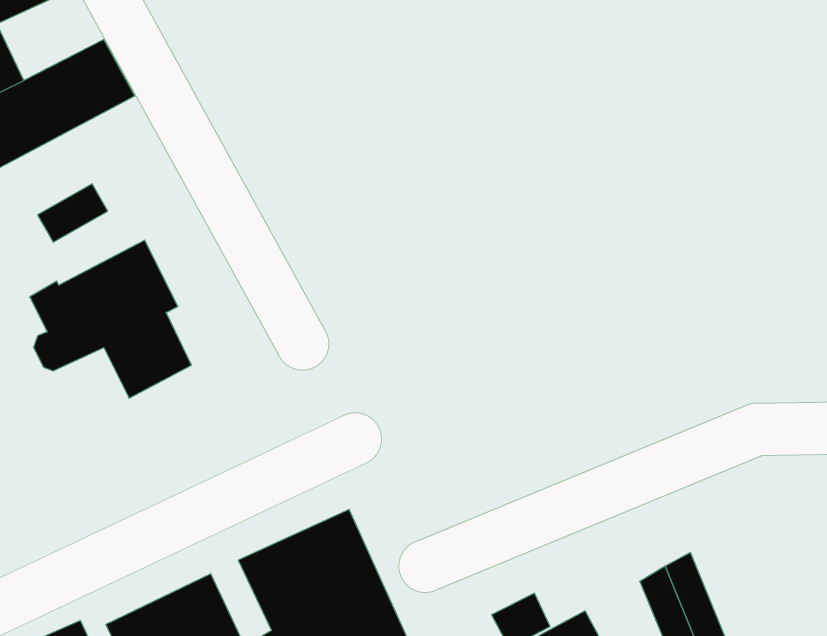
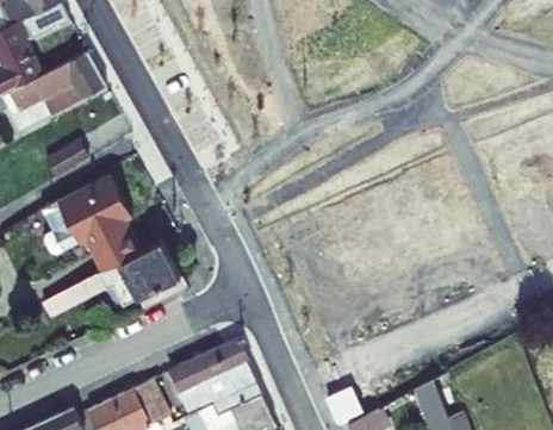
building: none -> [41,241,185,318]

